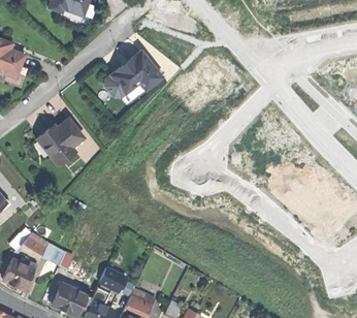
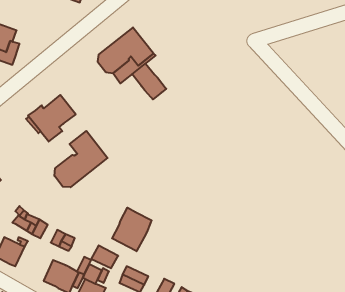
building: none -> [132,63,166,99]
building: none -> [54,131,108,187]
building: none -> [112,208,152,251]

